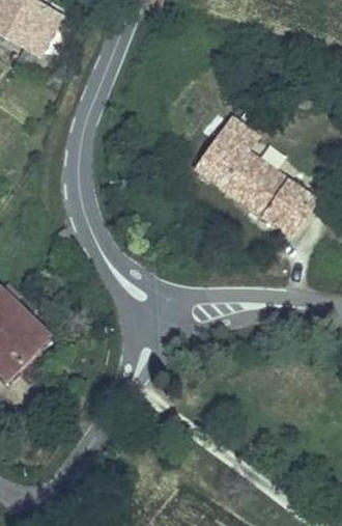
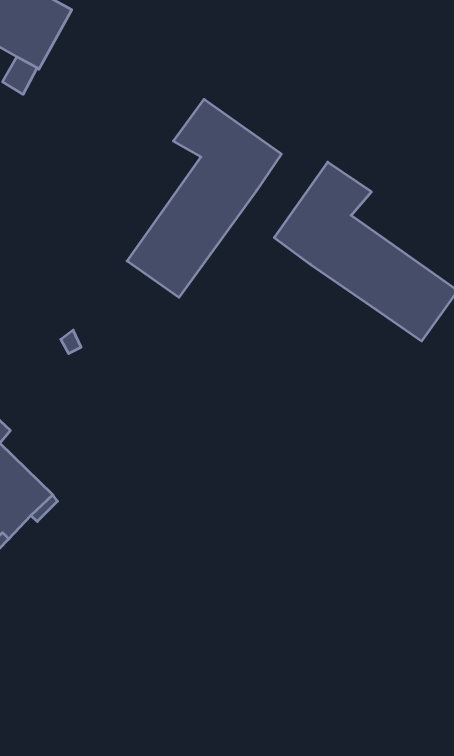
building: none -> [127,99,281,297]

